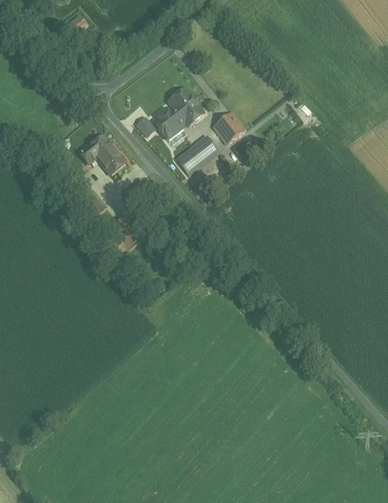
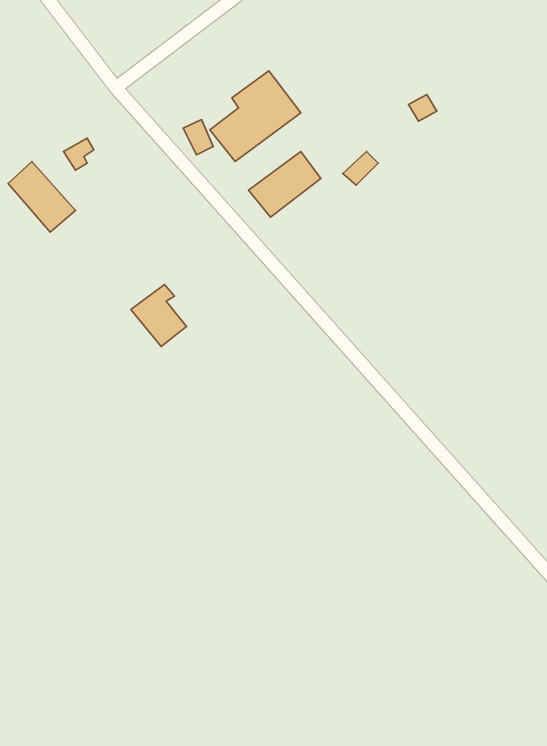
building: [211,110,245,145] -> none
building: [89,133,129,175] -> [8,162,76,232]

